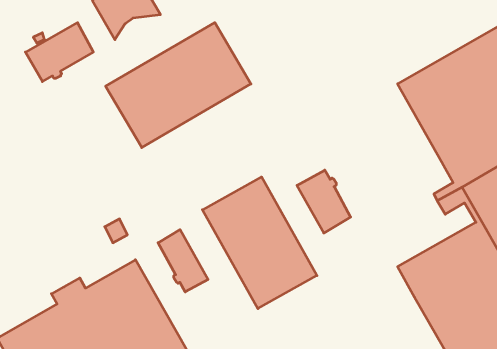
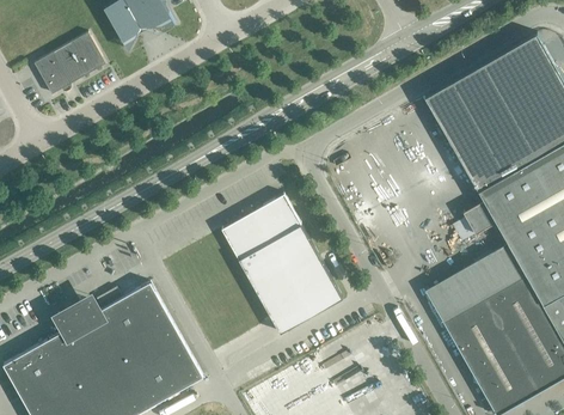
building: [106,23,251,148] -> none
building: [297,170,351,233] -> none
building: [158,230,208,292] -> none

